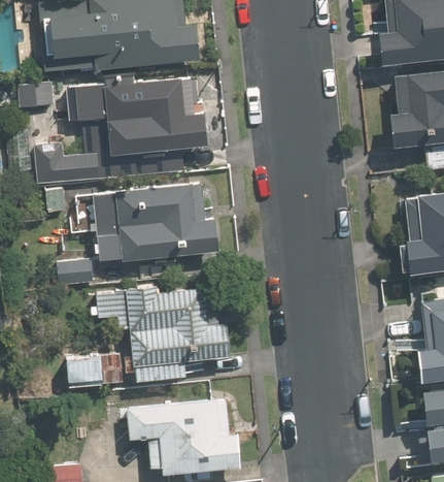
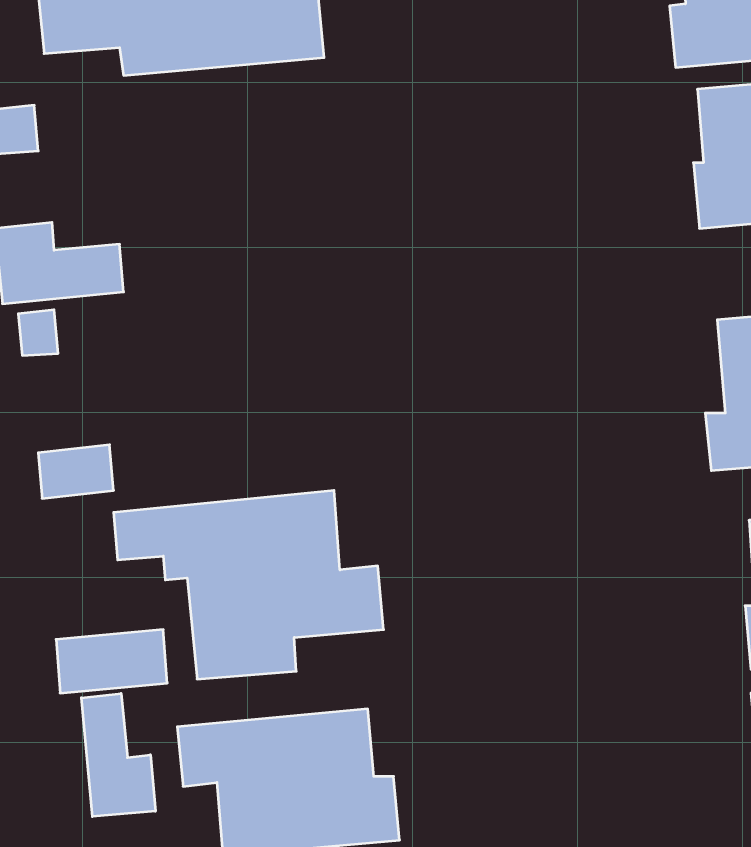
building: [77,78,210,156] -> none
building: [92,185,221,262] -> none
building: none -> [81,693,155,817]

